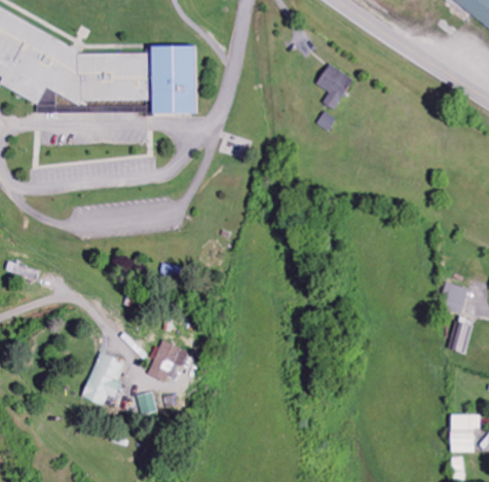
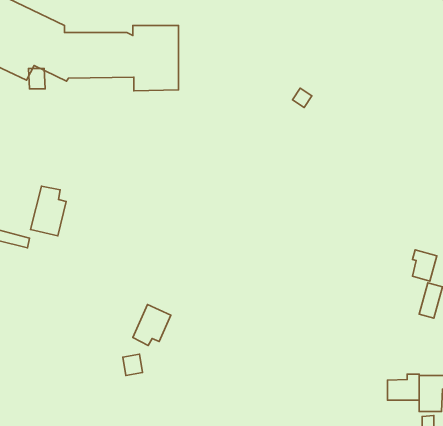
building: [316,64,353,110] -> none
building: none -> [31,186,66,236]
building: [81,351,126,405] -> none
building: none -> [387,374,419,400]

